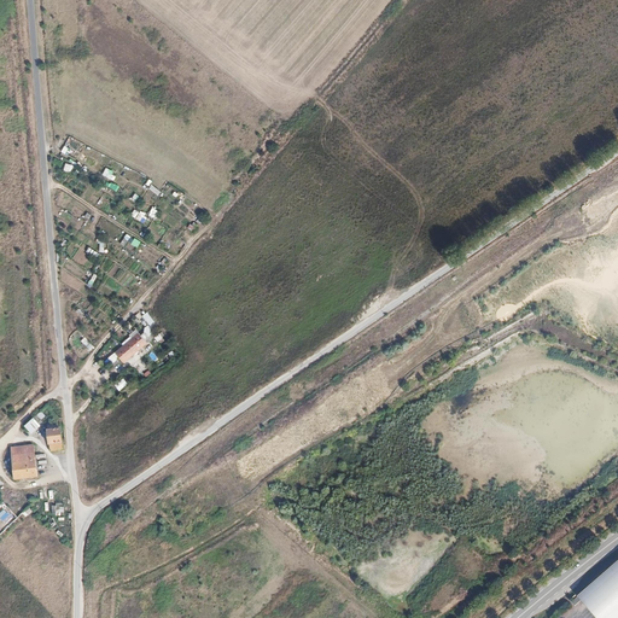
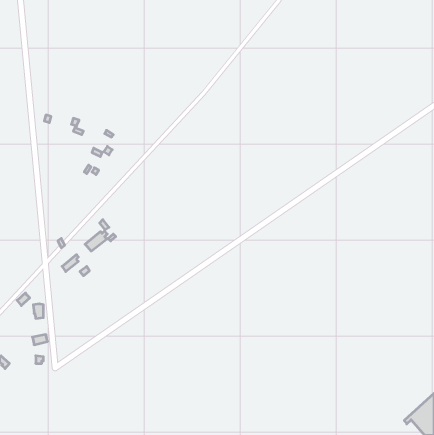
building: [11,447,36,480] -> none

